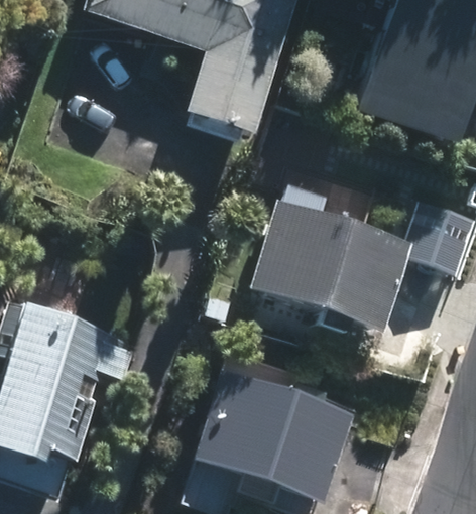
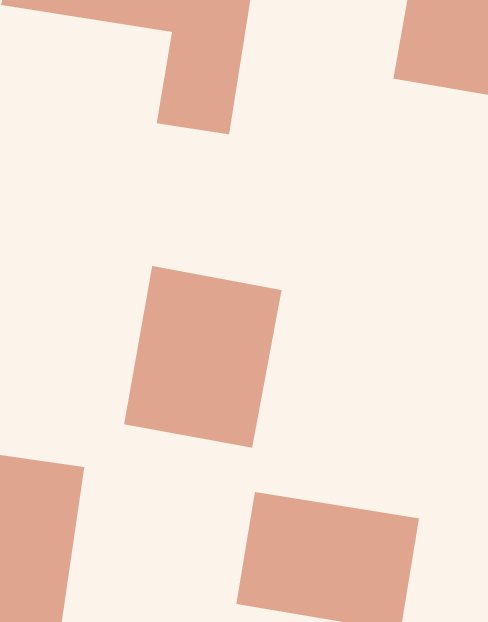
building: none -> [124,265,282,448]
building: [256,218,399,333] -> none

